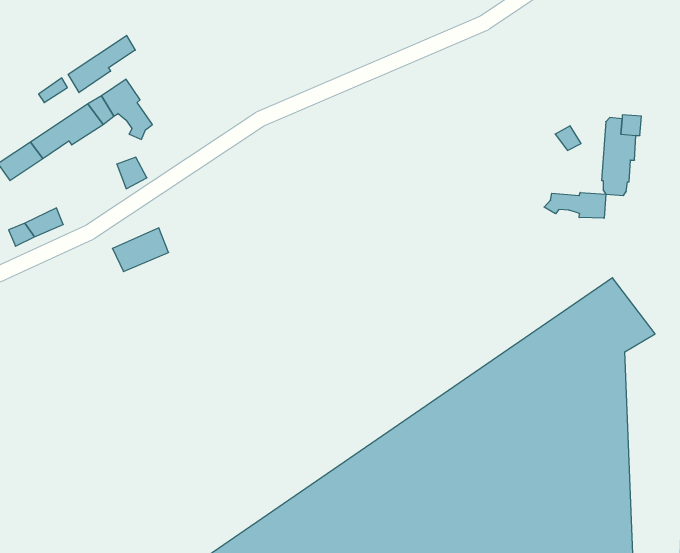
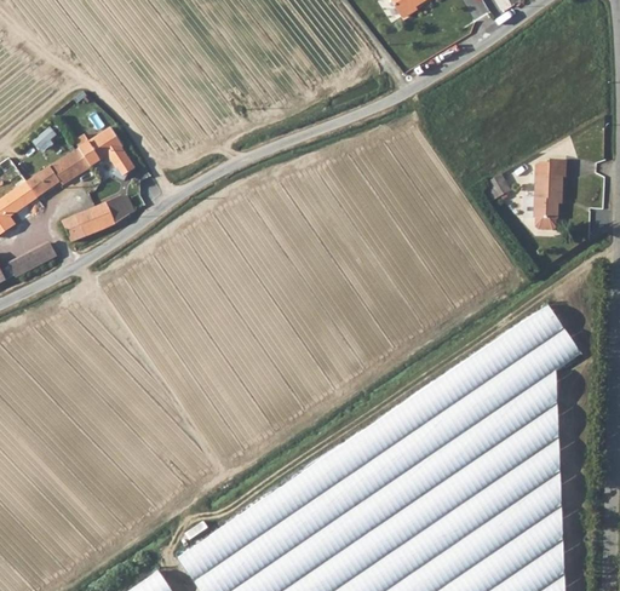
building: [68,35,135,93] -> none
building: [544,192,606,218] -> none
building: [112,228,169,272] -> [64,203,114,242]

